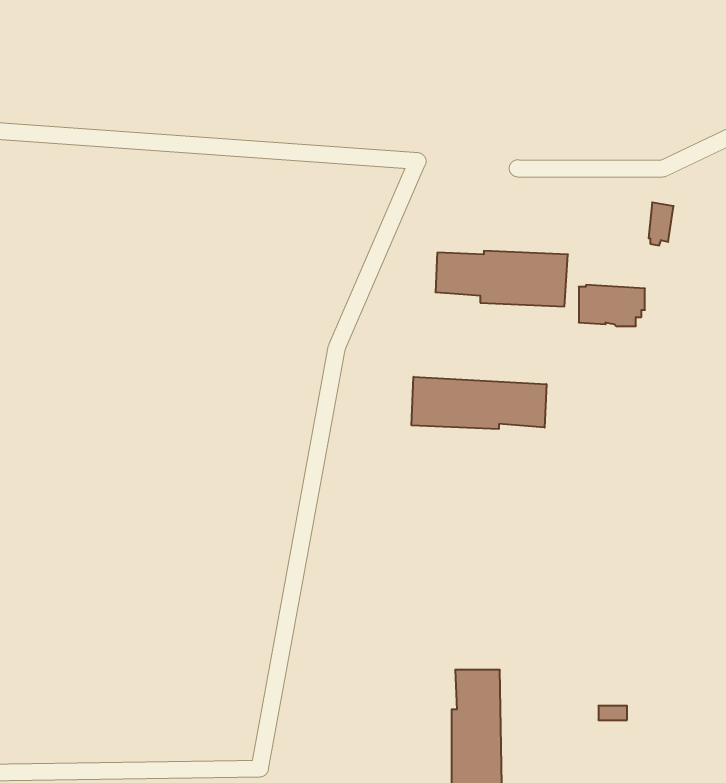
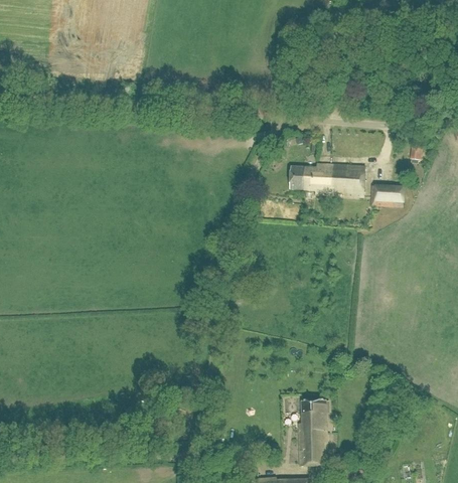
building: [412,377,546,429] -> none

